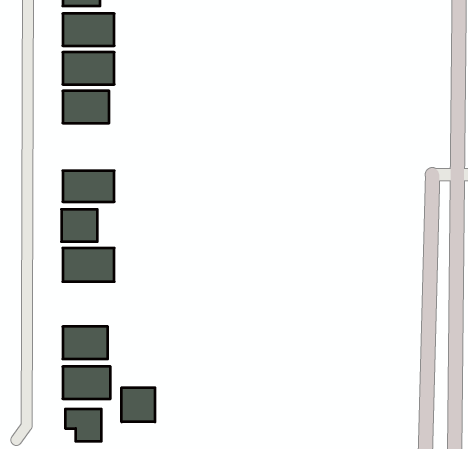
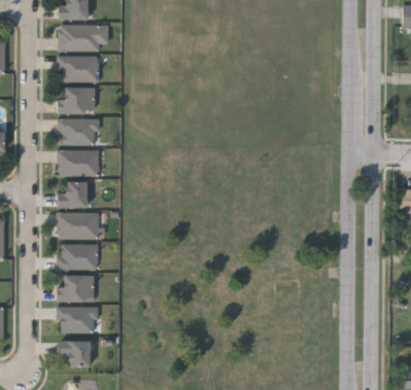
building: none -> [58,117,99,143]
building: none -> [58,243,97,269]
building: [122,388,155,422] -> none

